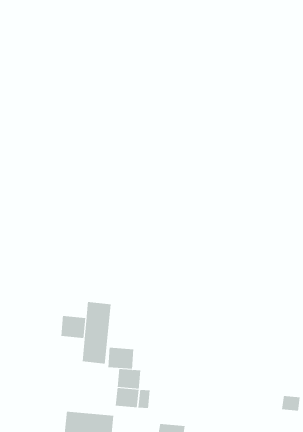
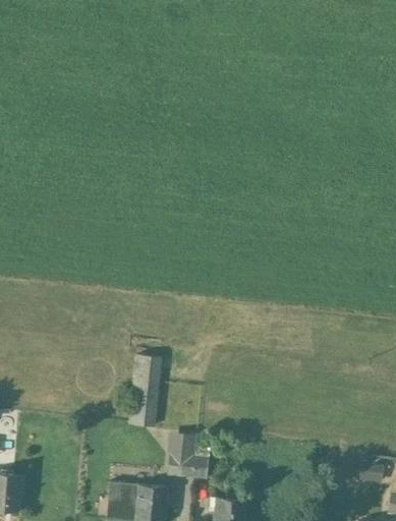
building: [61,315,86,339] -> none
building: [108,347,134,370] -> none

